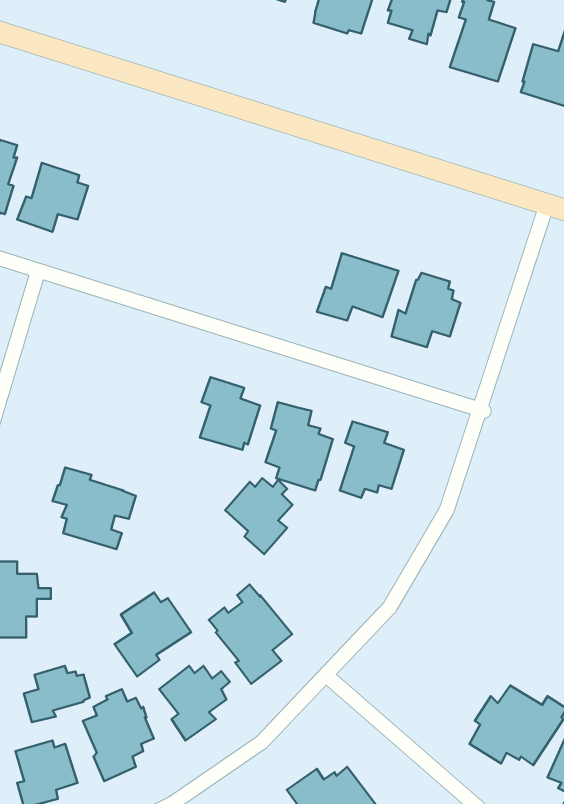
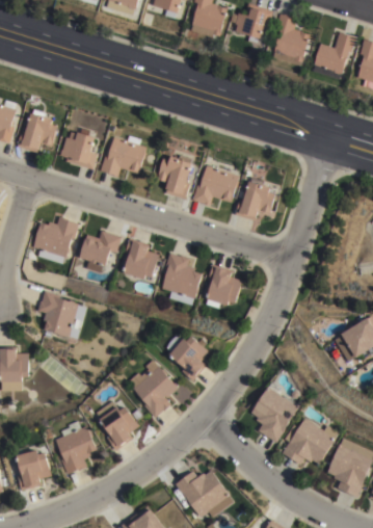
building: none -> [60,131,98,169]
building: none -> [100,135,146,176]
building: none -> [157,156,193,199]
building: none -> [32,216,80,263]
building: none -> [80,230,122,273]
building: [225,478,292,554] -> [170,337,210,381]
building: [114,593,191,676] -> none
building: none -> [251,382,300,443]
building: [24,666,90,722] -> none

